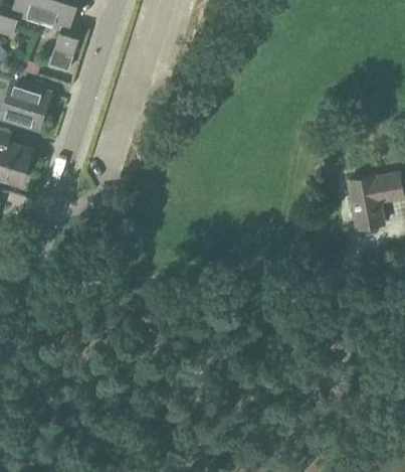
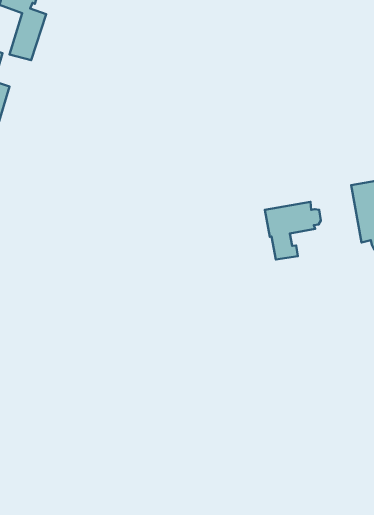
building: none -> [265,202,321,259]

